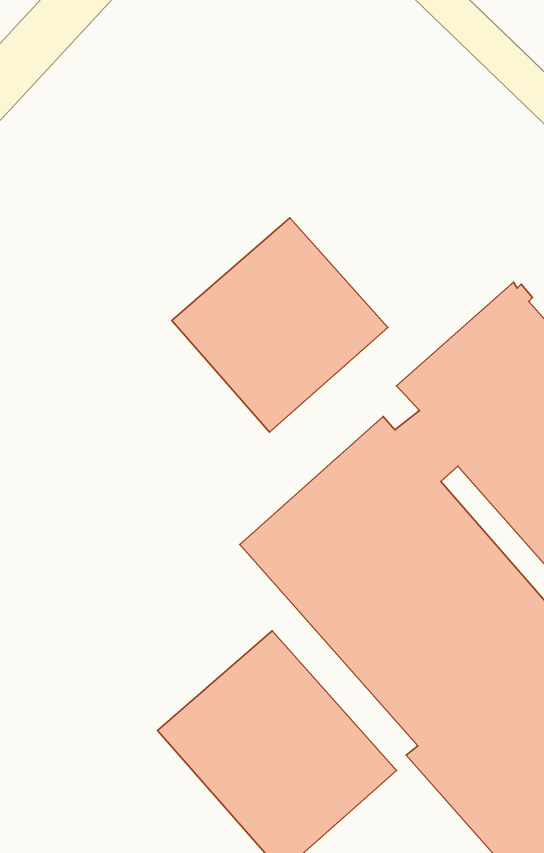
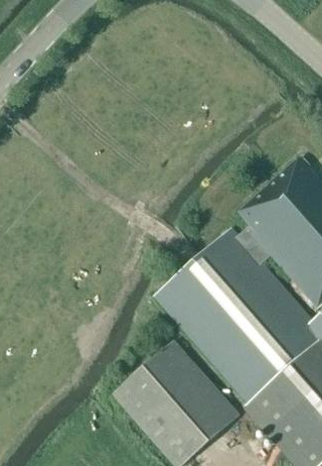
building: [172,218,388,432] -> none

